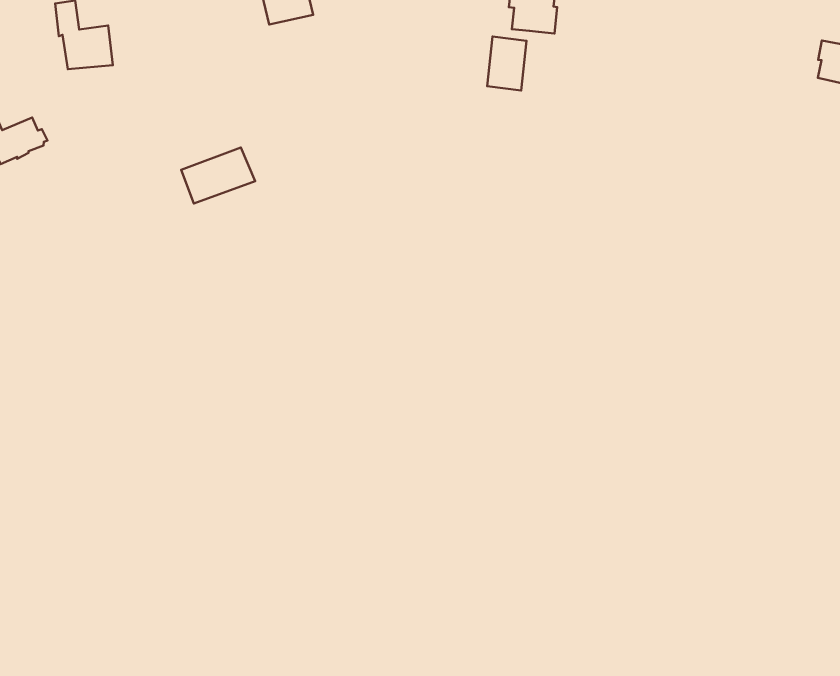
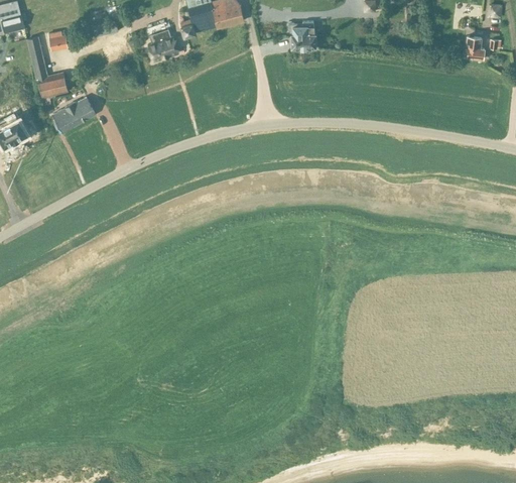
building: [487,36,526,90] -> none
building: [181,148,255,203] -> [52,96,95,130]

